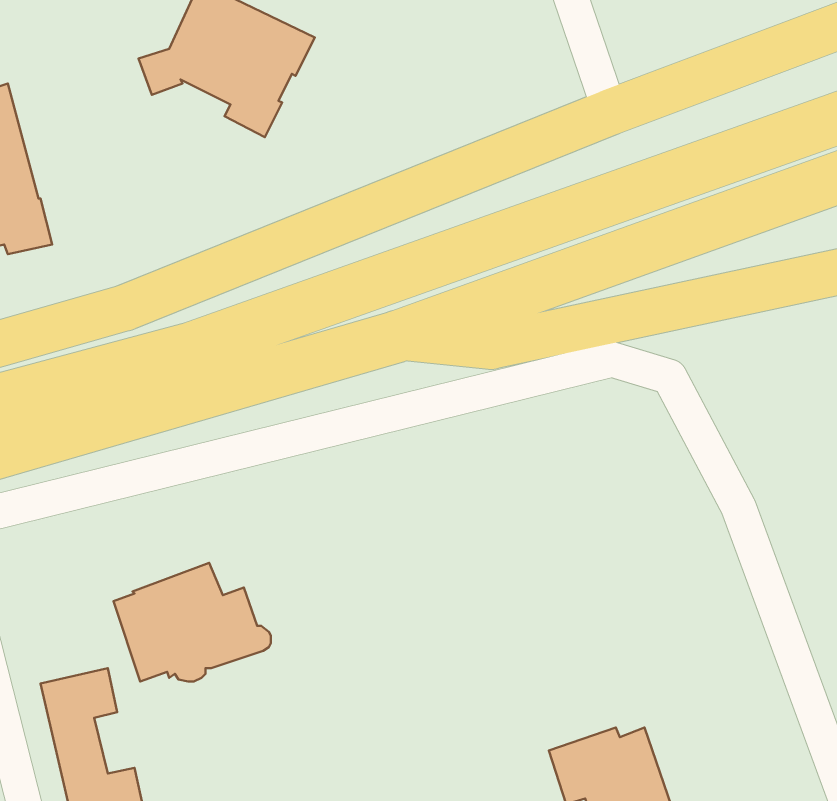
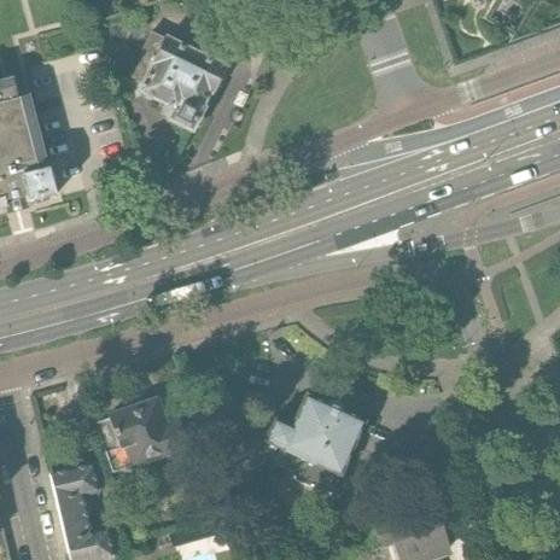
building: none -> [266,393,364,495]

